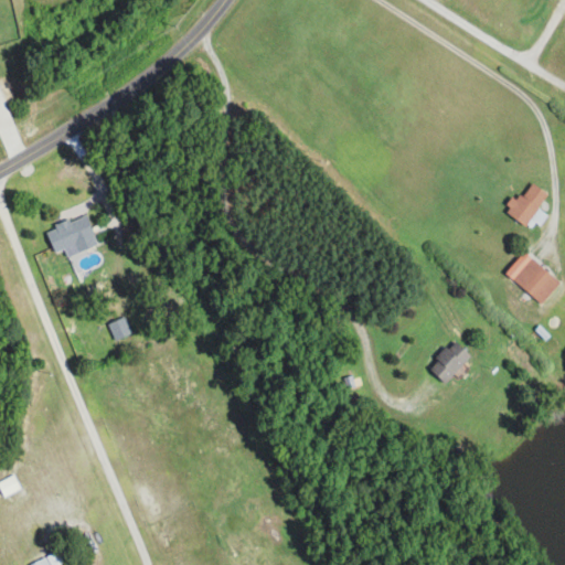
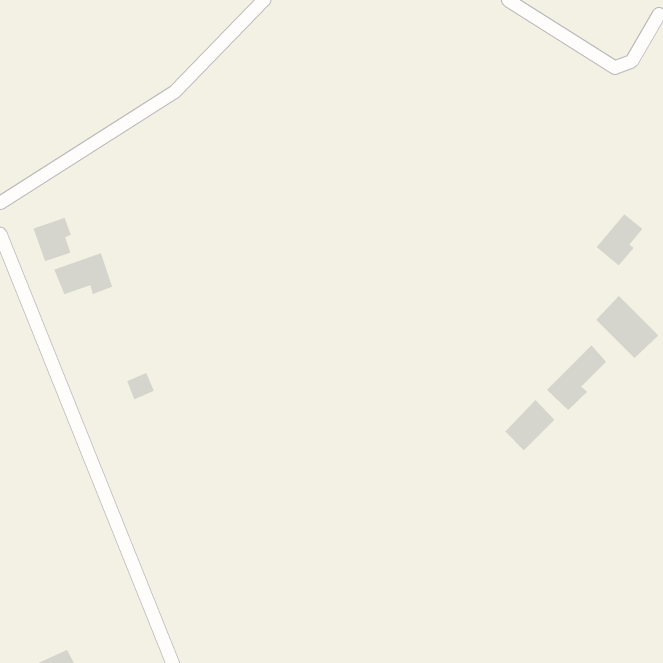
building: none -> [32,217,72,262]
building: none -> [546,344,607,411]

